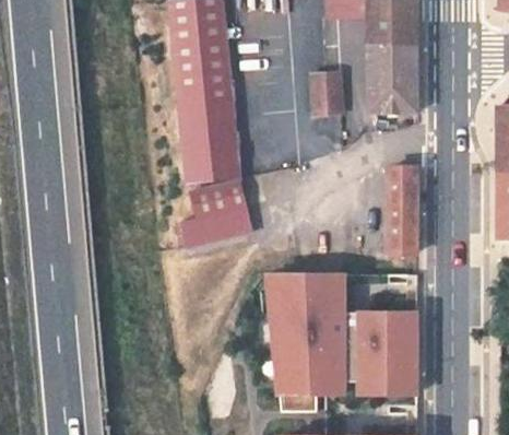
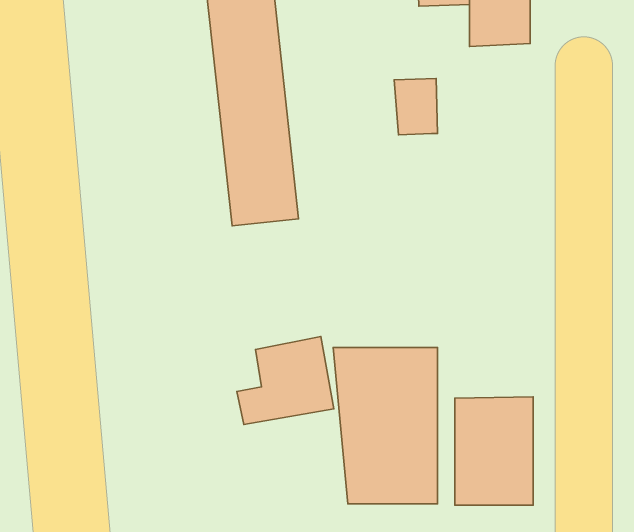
building: [368,45,414,111] -> none
building: [387,167,416,258] -> none
building: [179,181,252,248] -> [237,336,334,425]

